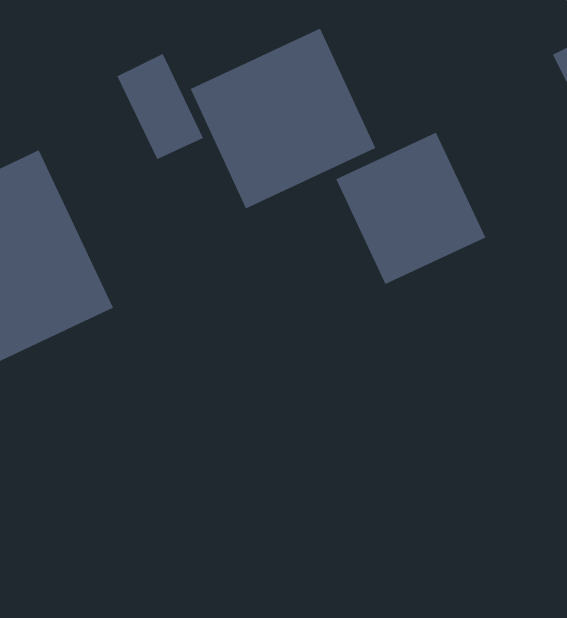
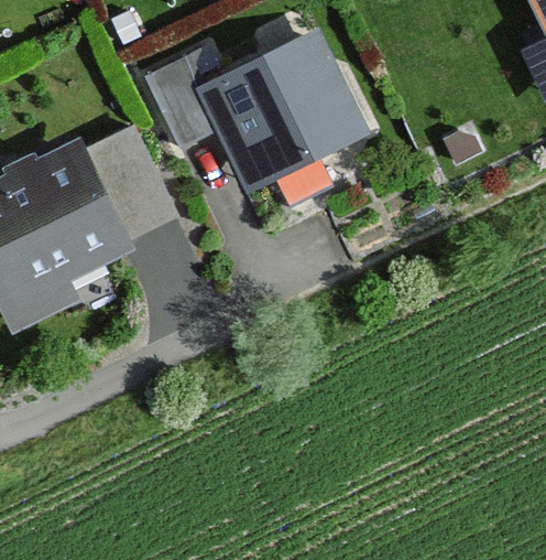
building: none -> [90,119,176,228]
building: [335,132,486,285] -> none

